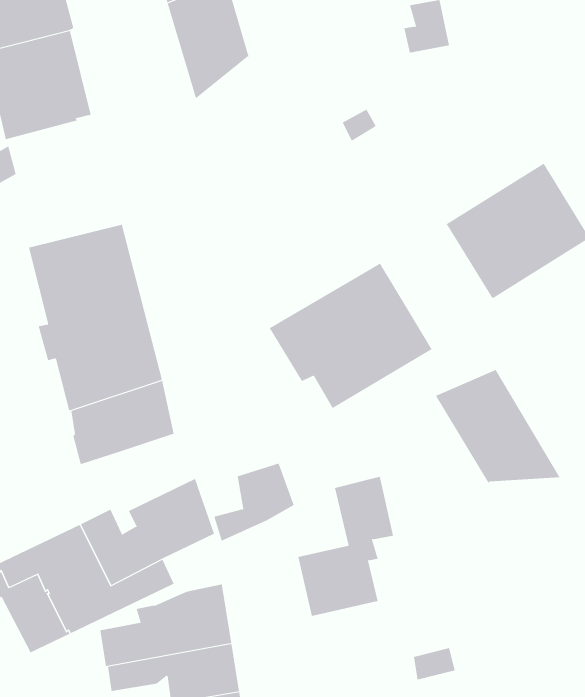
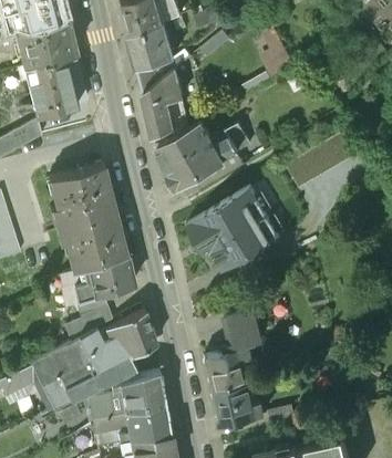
building: none -> [145,67,187,136]
building: none -> [157,119,251,186]
building: [435,369,561,484] -> none
building: [214,463,294,542] -> [65,294,112,340]
building: none -> [212,381,264,425]

